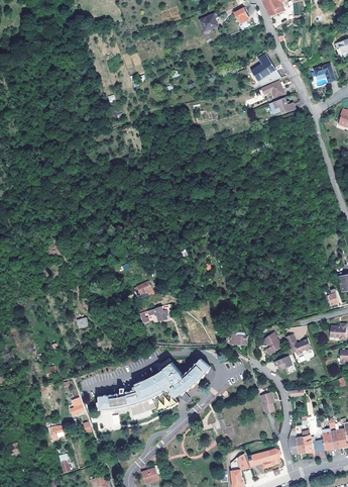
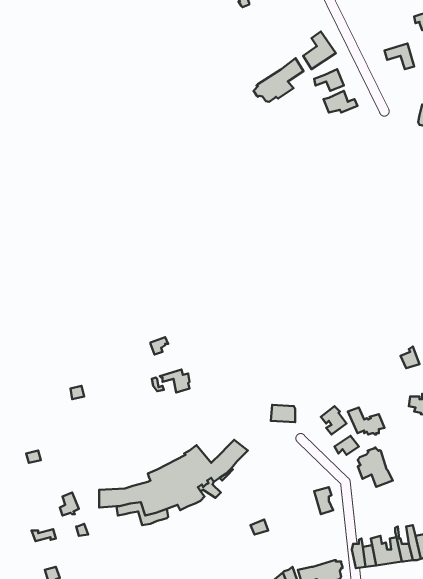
building: none -> [253,58,303,102]
building: none -> [358,447,393,487]

